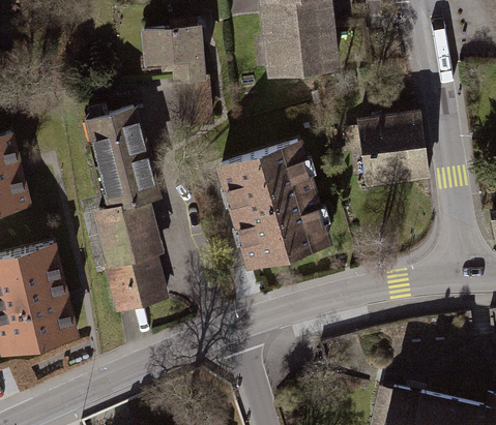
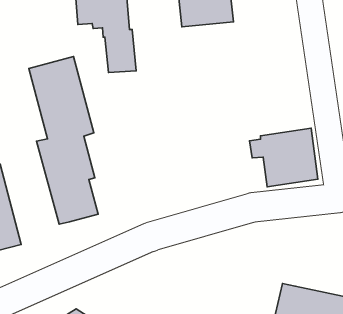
building: [345,113,429,184] -> [249,128,318,187]
building: [221,142,327,266] -> none

